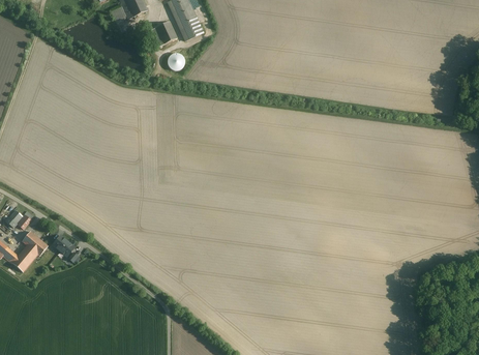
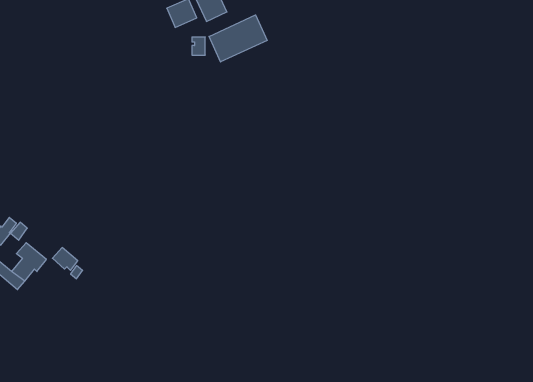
building: none -> [209,15,267,62]

